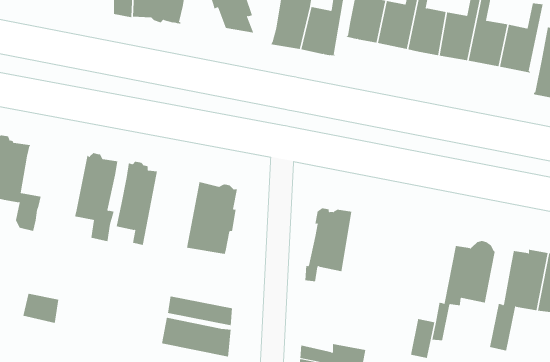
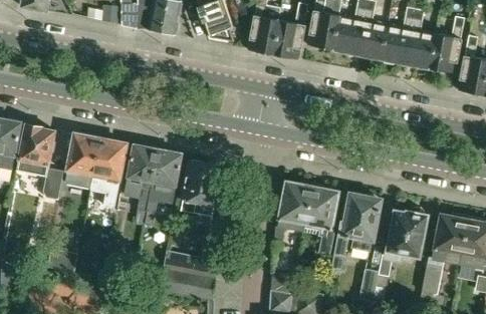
building: none -> [65,133,100,188]
building: none -> [146,148,182,213]
building: none -> [304,184,337,254]
building: none -> [331,194,381,271]

